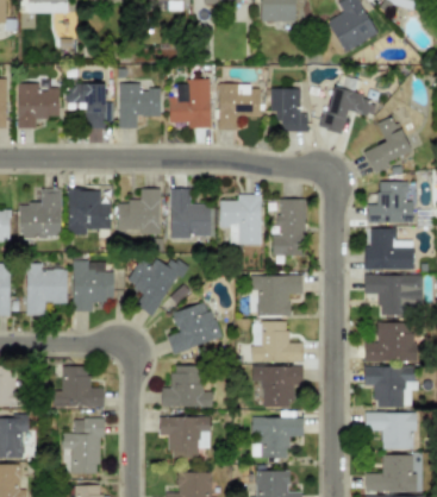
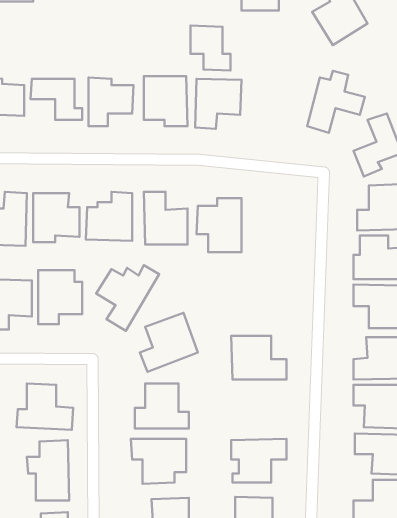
building: [270,87,307,128] -> [190,26,230,71]
building: [271,199,306,256] -> none
building: [251,273,302,316] -> none
building: [252,365,302,407] -> none

